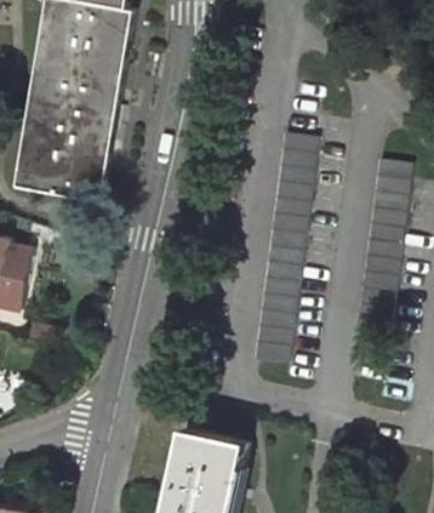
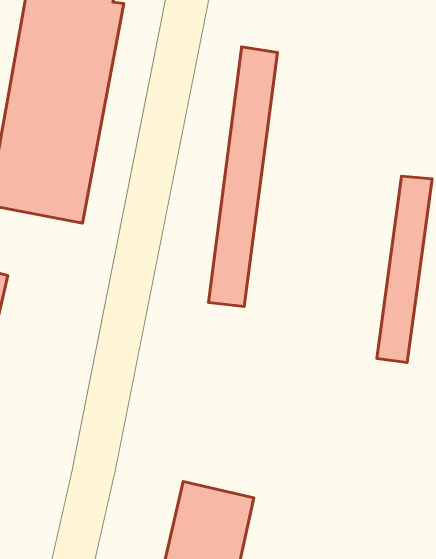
building: [252,136,313,364] -> [208,47,277,307]

